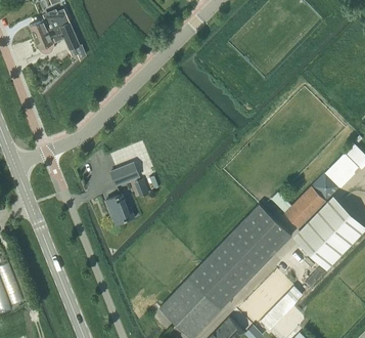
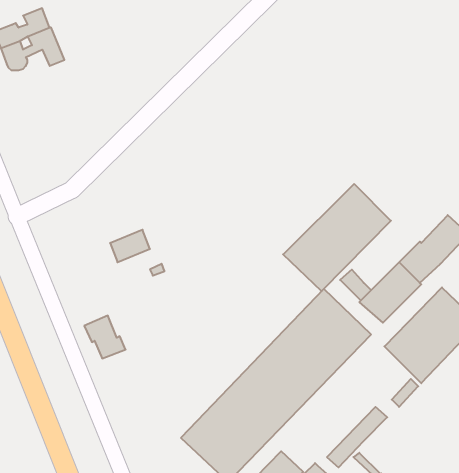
building: none -> [283,184,391,291]
building: [105,194,134,223] -> [84,316,126,358]

